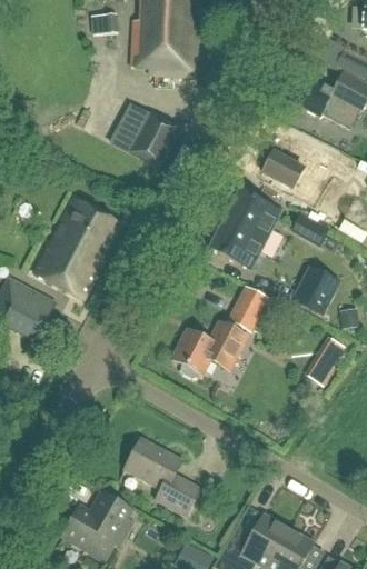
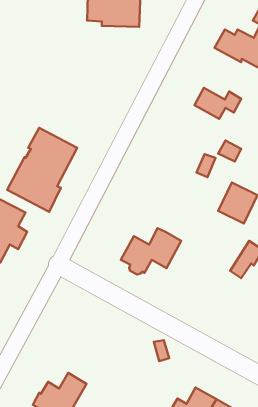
building: [109,101,179,164] -> none
building: [210,192,267,262] -> none
building: [228,286,268,331] -> none
building: [125,438,201,516] -> none

